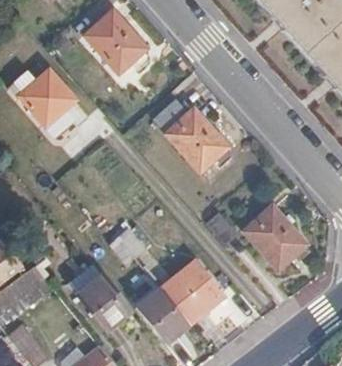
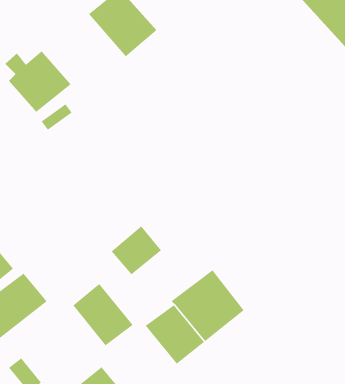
building: [161,104,229,171] -> none
building: [244,205,307,268] -> none

